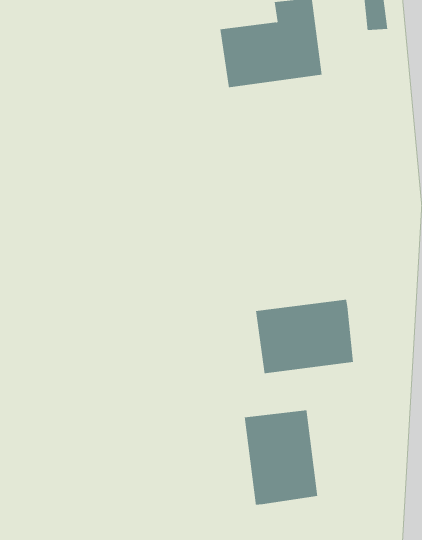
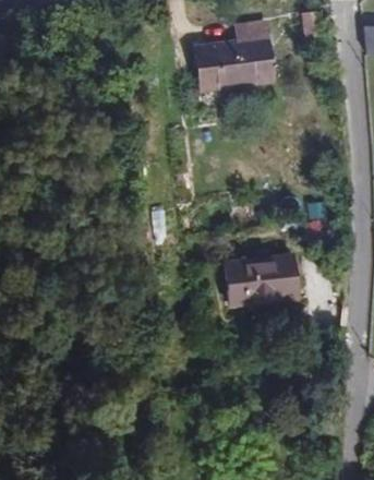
building: [244,409,318,505] -> none

